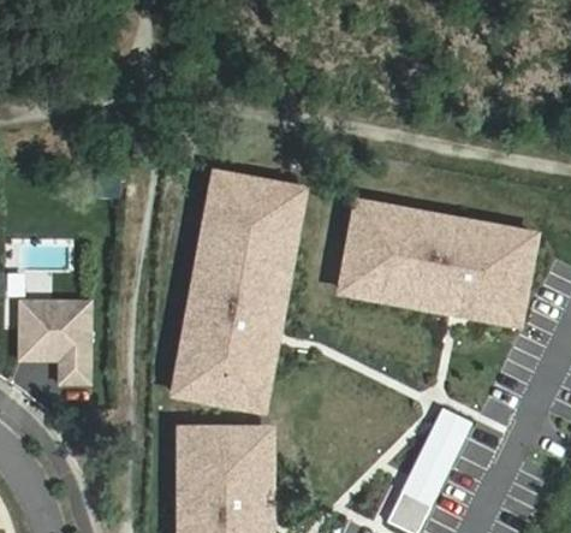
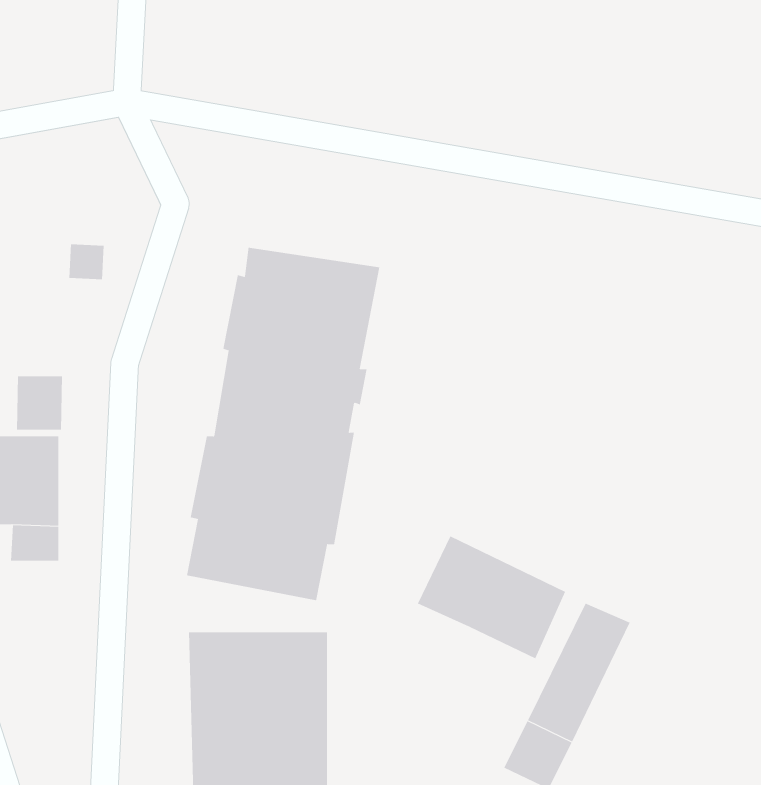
building: [341,202,539,324] -> none
building: none -> [17,376,62,430]
building: none -> [417,536,566,659]

